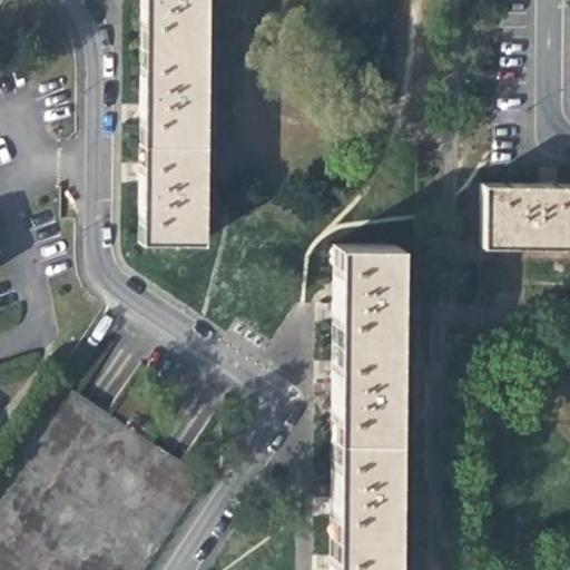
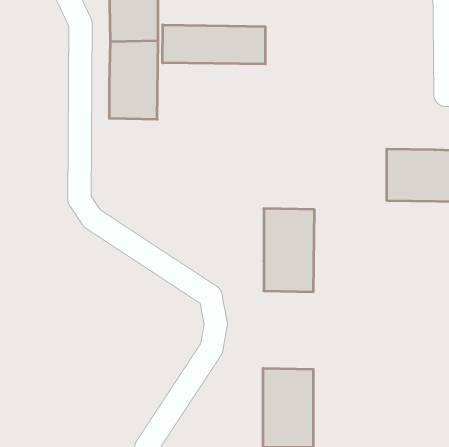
building: none -> [163,25,265,64]
building: [149,146,210,245] -> none
building: [340,358,402,455] -> none

